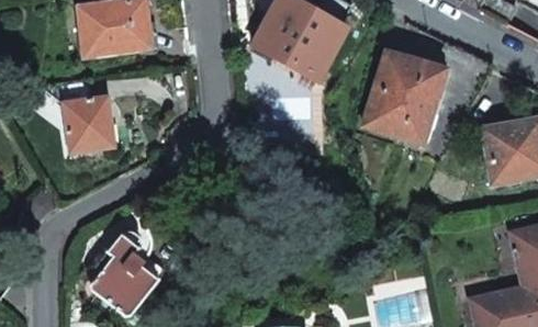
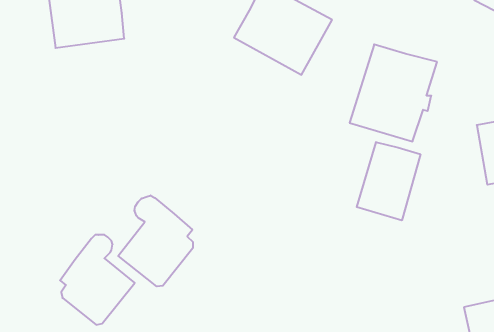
building: [64,95,114,151] -> none
building: none -> [357,142,420,220]
building: none -> [118,195,193,286]

